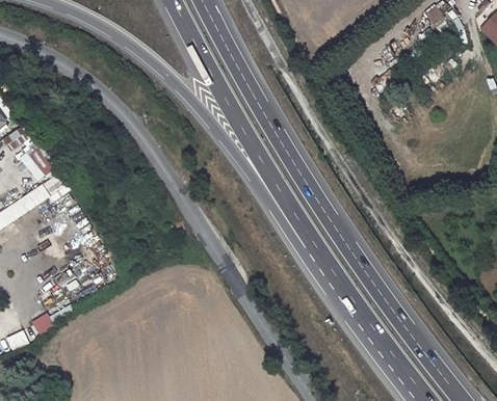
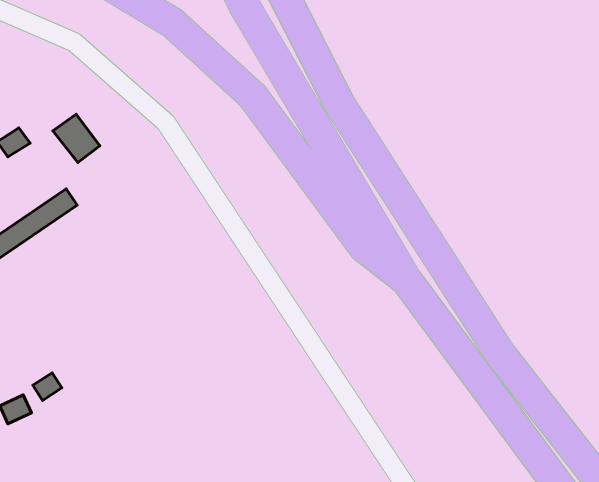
building: [20,145,55,182] -> [53,114,100,163]

